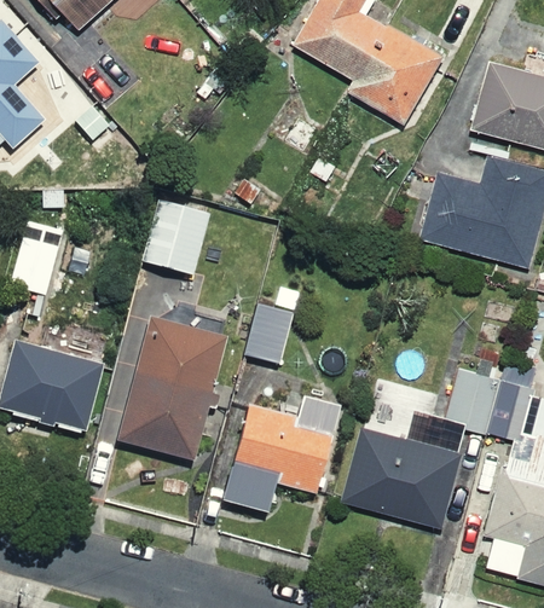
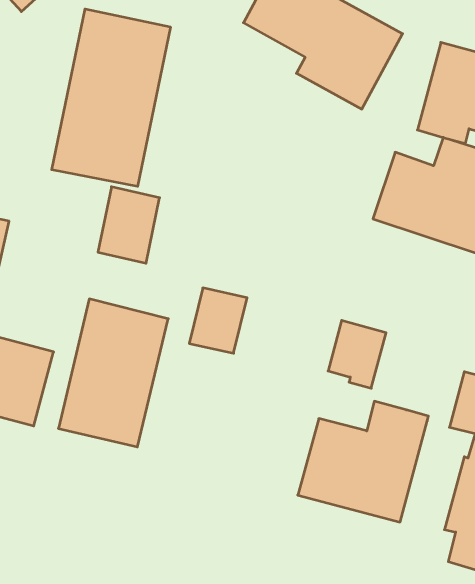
building: none -> [52,9,170,186]
building: [452,371,509,438] -> [328,320,386,388]
building: [216,394,345,517] -> none

